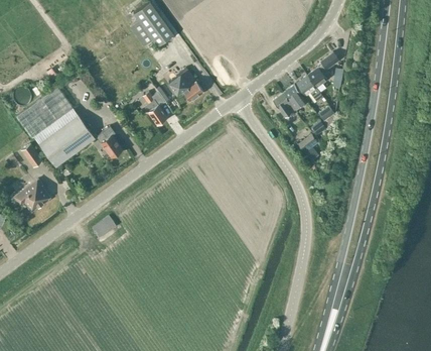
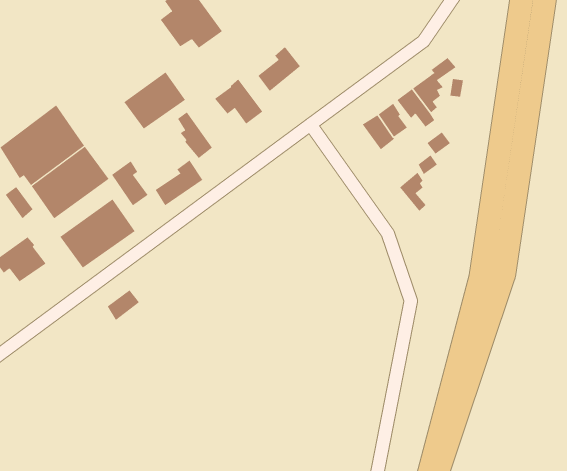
building: none -> [257,46,301,92]
building: none -> [123,72,186,130]
building: none -> [155,159,203,206]
building: none -> [60,199,136,268]

